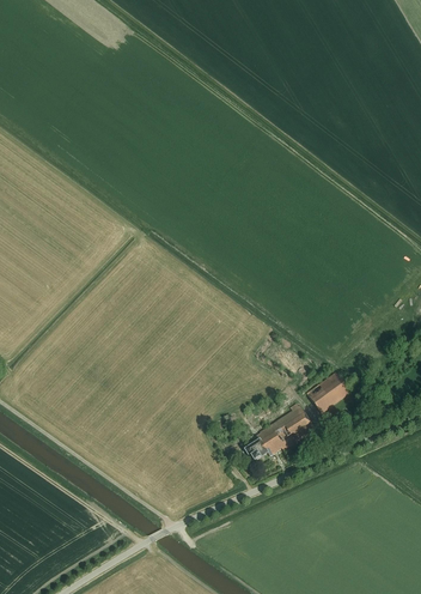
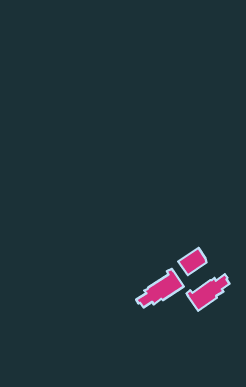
building: none -> [186,274,230,311]

